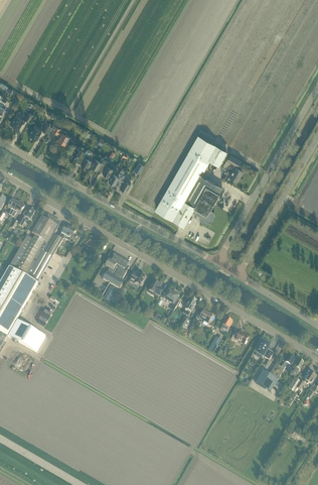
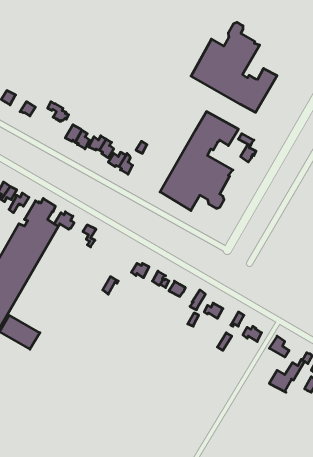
building: none -> [191,22,277,112]
building: [102,252,129,287] -> none

